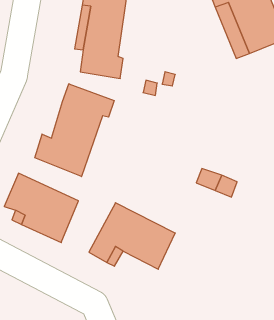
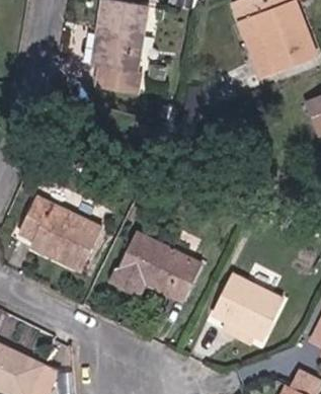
building: [35,84,114,177] -> none
building: none -> [211,275,284,341]

